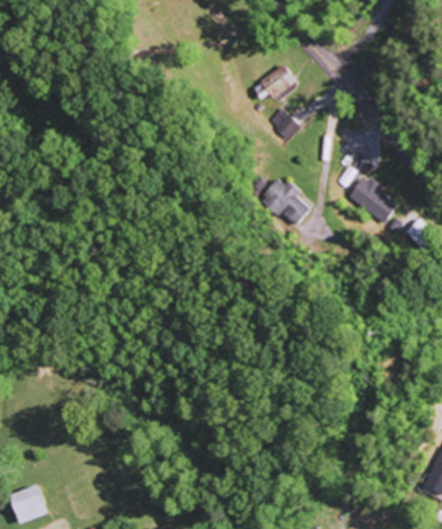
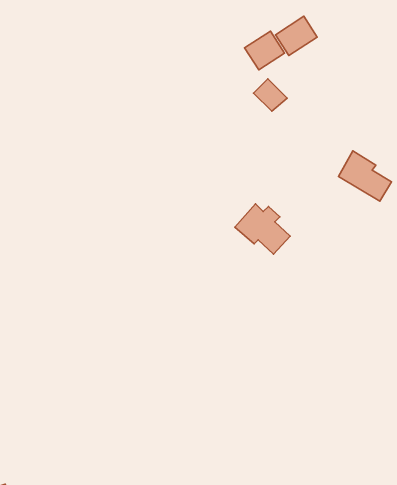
building: none -> [275,16,317,55]
building: [259,178,310,225] -> [235,204,290,254]

